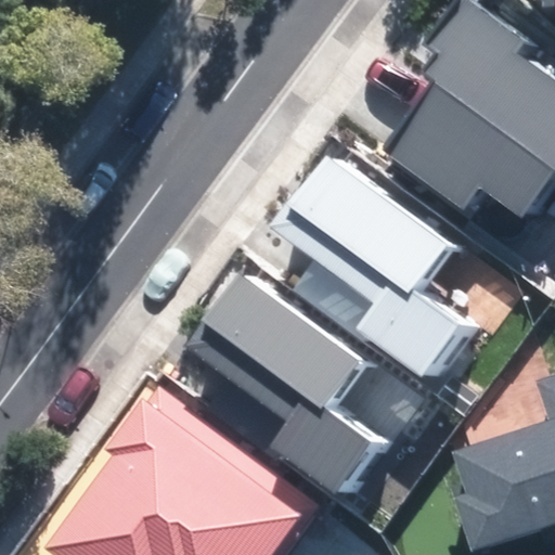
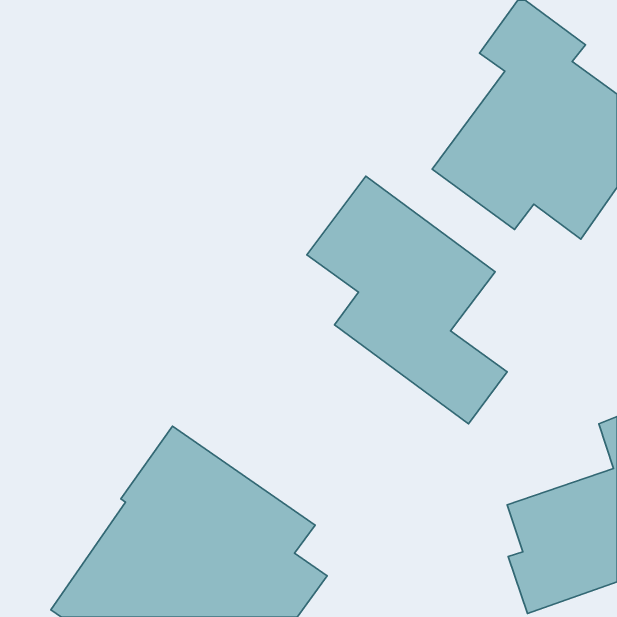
building: [193,273,373,496] -> none

